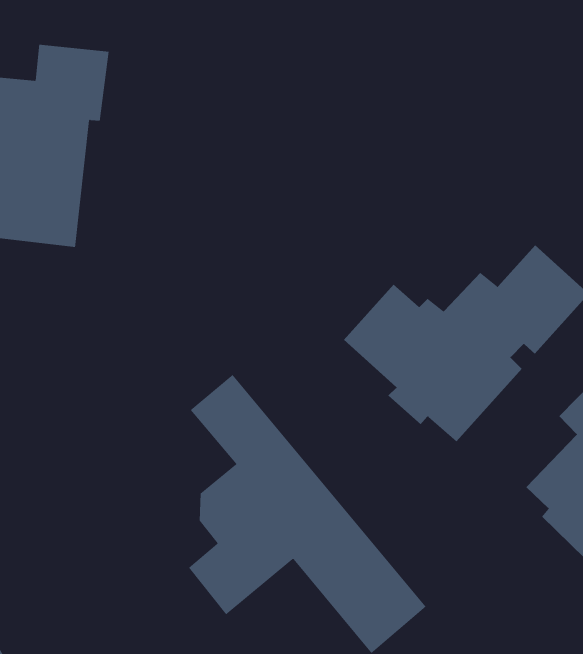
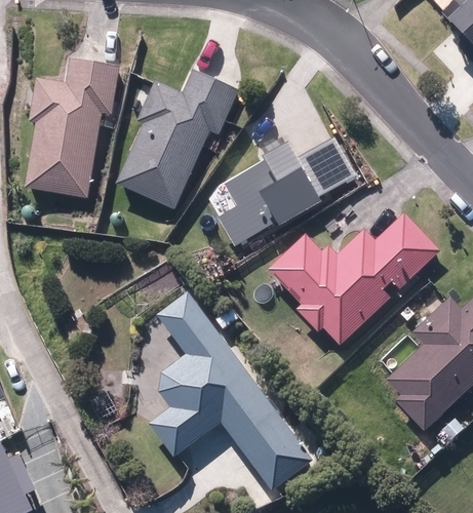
building: none -> [118,71,236,208]
building: none -> [207,137,356,245]

